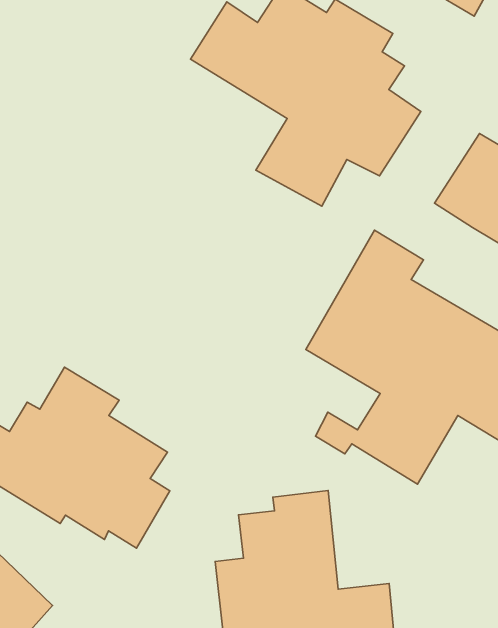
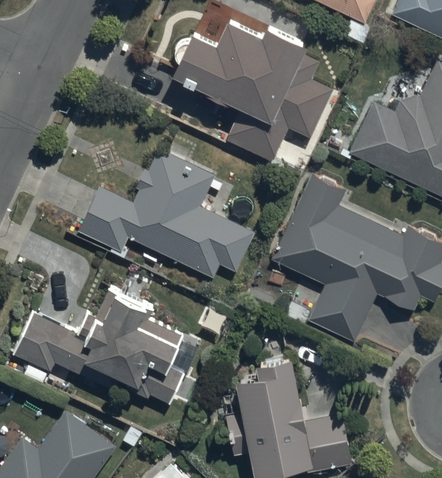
building: none -> [77,150,254,279]

